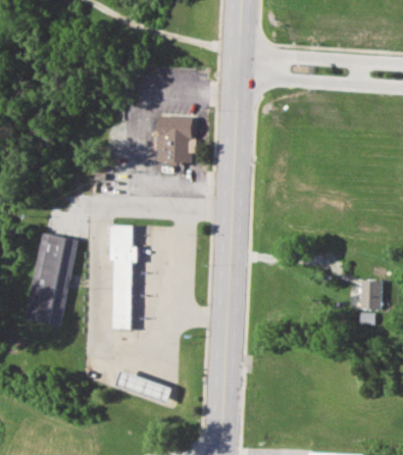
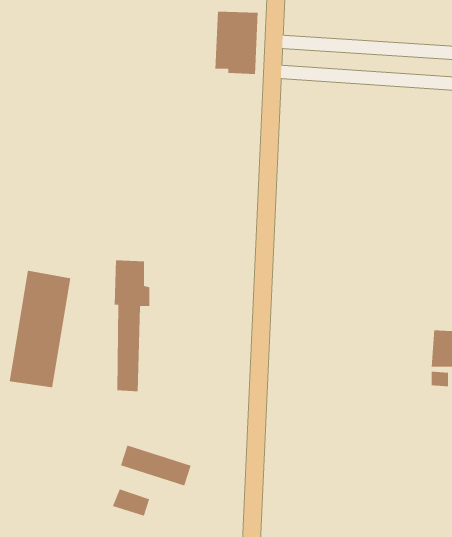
building: [158,115,193,165] -> [215,11,259,74]
building: none -> [112,489,150,516]

